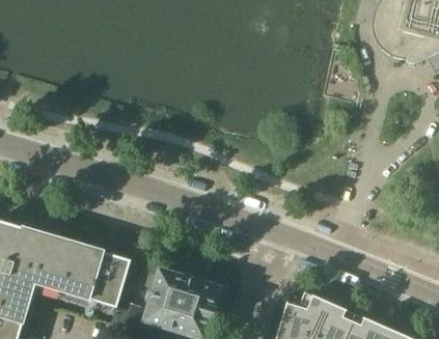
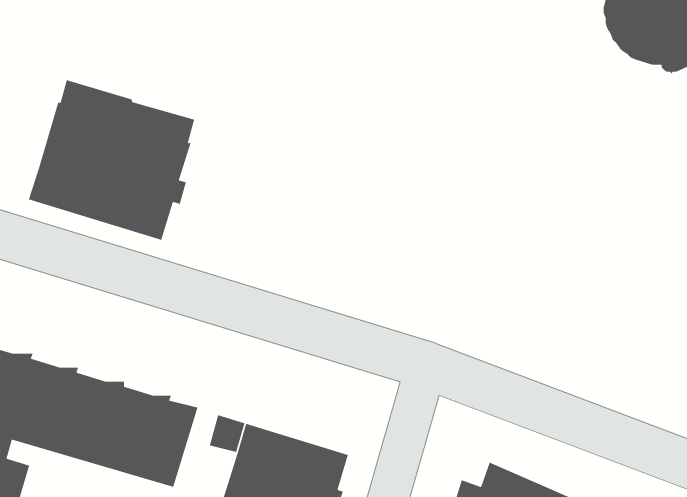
building: none -> [28,79,195,241]

